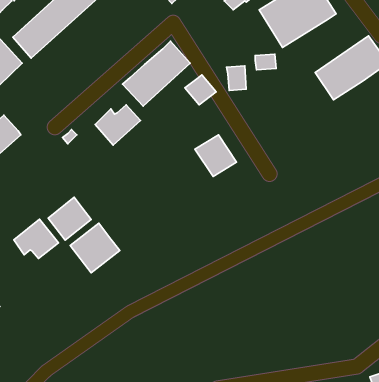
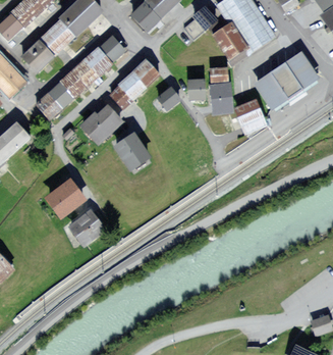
building: none -> [36,40,121,120]
building: none -> [209,84,230,113]
building: none -> [235,102,265,134]
building: [195,135,237,176] -> [115,136,148,168]
building: [14,219,58,259] -> none

